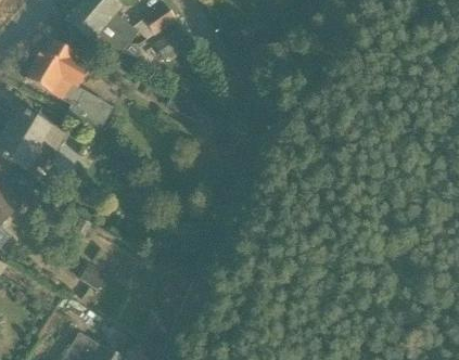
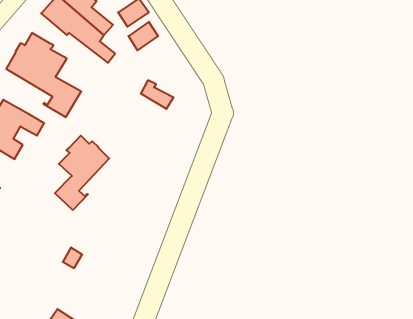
building: none -> [55,136,109,210]

